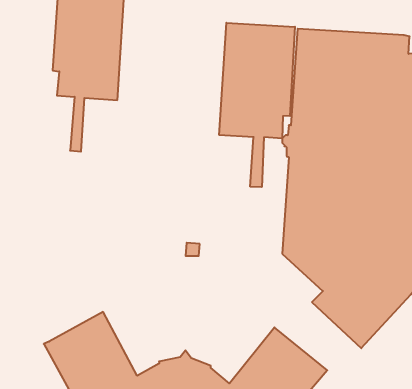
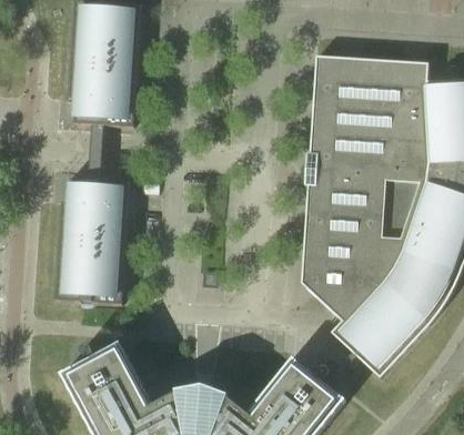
building: [219,23,295,187] -> none
building: none -> [54,178,129,304]

